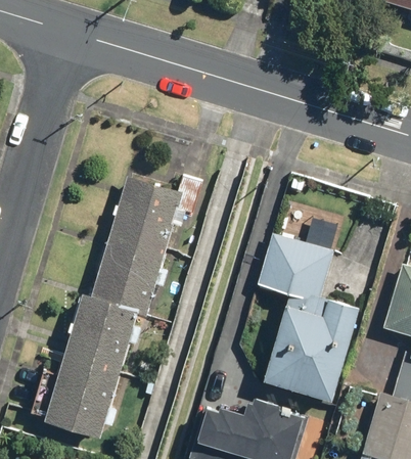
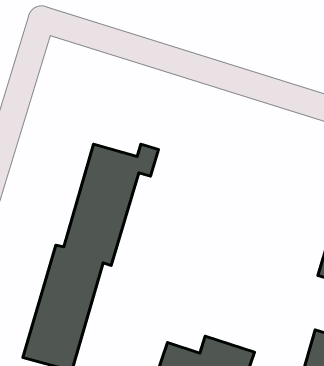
building: [258,223,359,401] -> none

